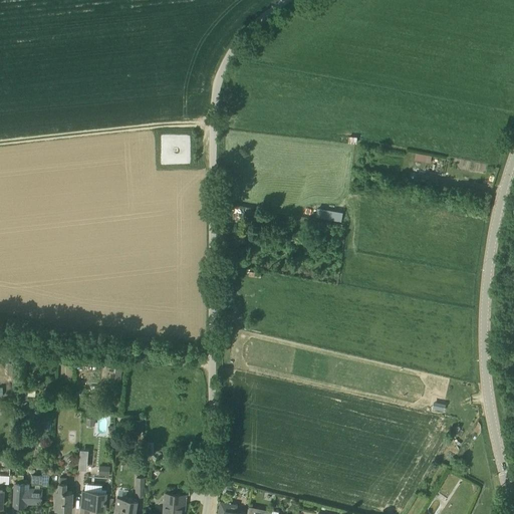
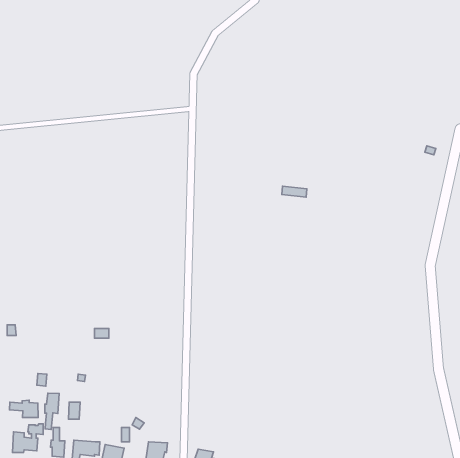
building: none -> [45,393,59,429]
building: none -> [10,400,38,417]

